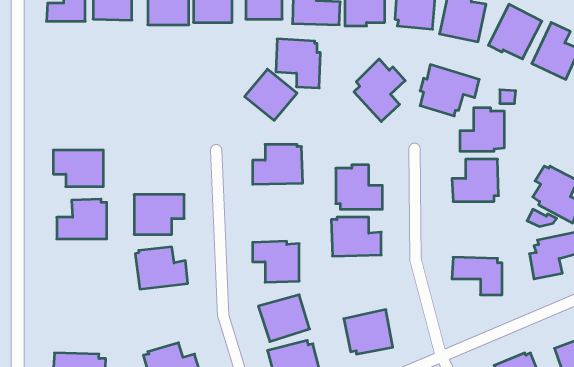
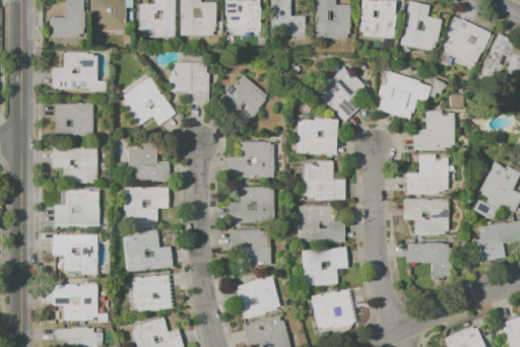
building: [276,39,320,88] -> [171,61,210,105]
building: none -> [53,52,108,91]
building: none -> [124,76,177,125]
building: none -> [56,102,93,136]
building: none -> [298,118,339,152]
building: none -> [129,143,171,182]
building: none -> [231,188,276,222]
building: none -> [406,199,450,233]
building: none -> [53,234,99,271]
building: none -> [303,247,348,286]
building: none -> [133,274,172,311]
building: none -> [53,284,98,319]

